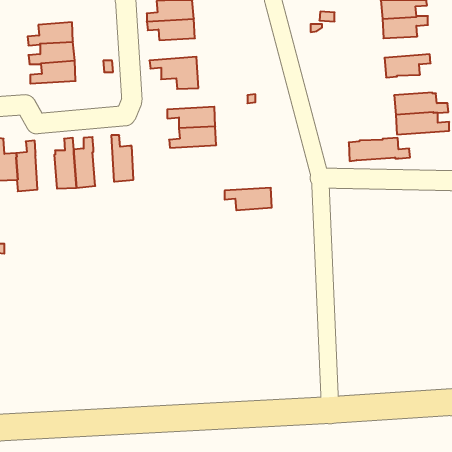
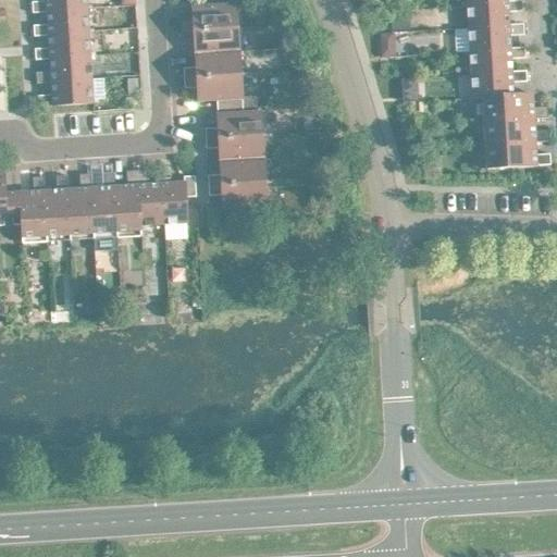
building: none -> [33,8,88,35]
building: none -> [469,46,524,74]
building: none -> [182,50,240,77]
building: none -> [203,110,262,137]
building: none -> [113,169,141,231]
building: [349,138,410,161] -> [472,92,547,121]
building: none -> [44,174,70,235]
building: none -> [159,175,195,223]
building: [225,188,272,210] -> [208,181,265,208]

